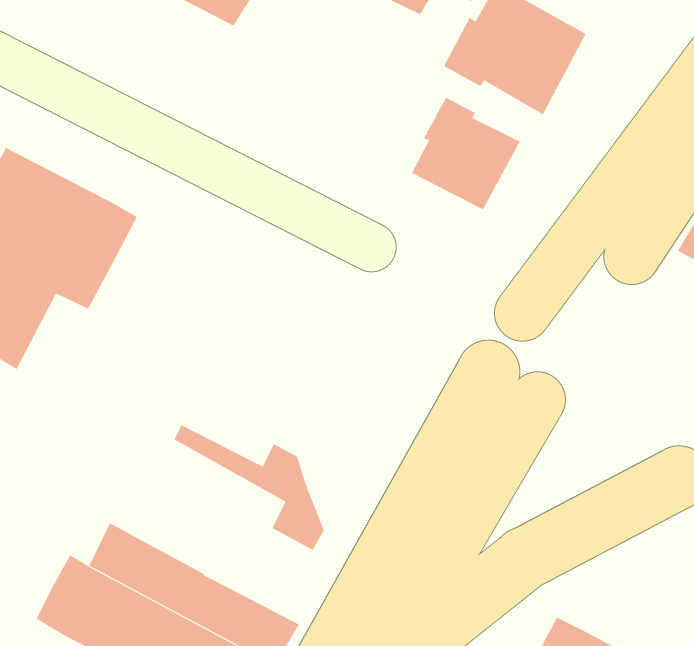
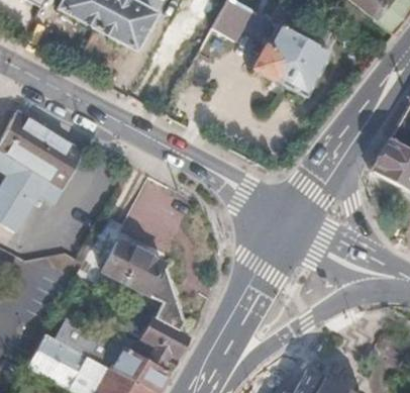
building: [411,97,521,210] -> none
building: none -> [107,238,162,283]
building: none -> [119,316,188,368]

